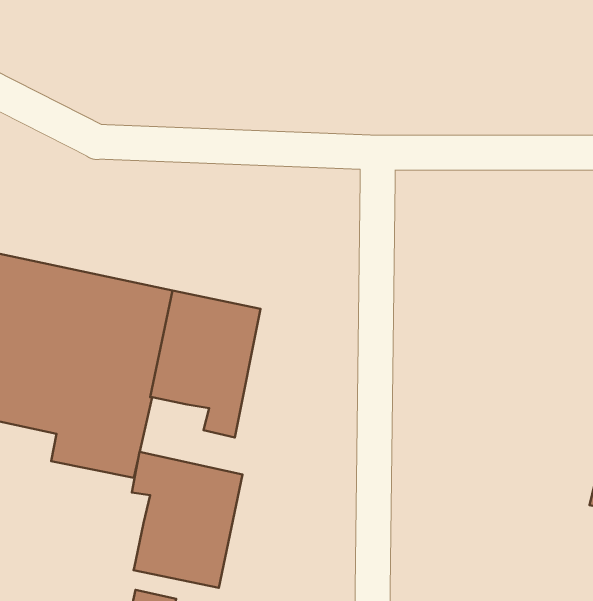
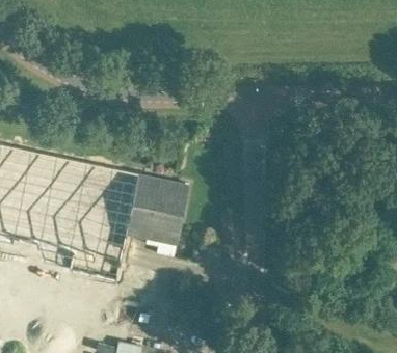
building: [132,452,242,588] -> none

